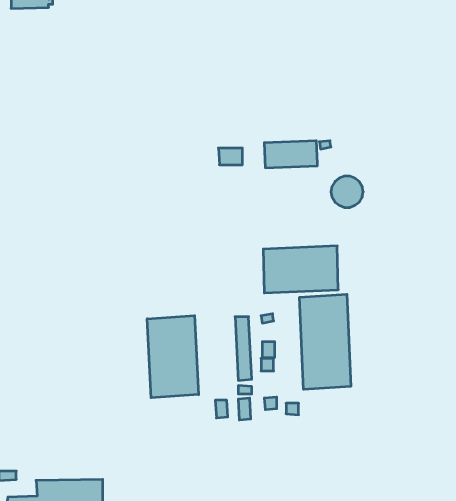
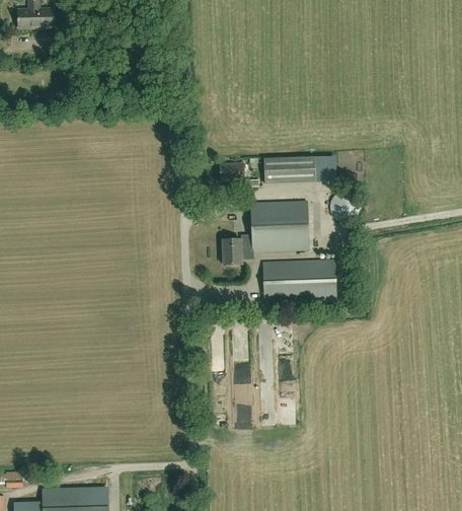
building: none -> [222,201,308,264]
building: [300,294,351,389] -> none
building: [147,316,199,398] -> none

